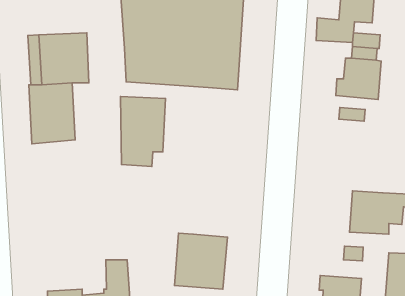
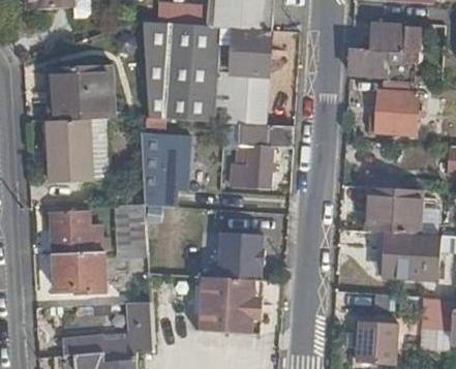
building: none -> [230,123,293,189]
building: none -> [365,186,422,234]
building: none -> [112,204,146,256]
building: none -> [53,212,107,293]
building: none -> [218,233,265,281]

